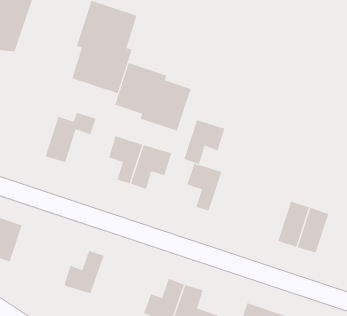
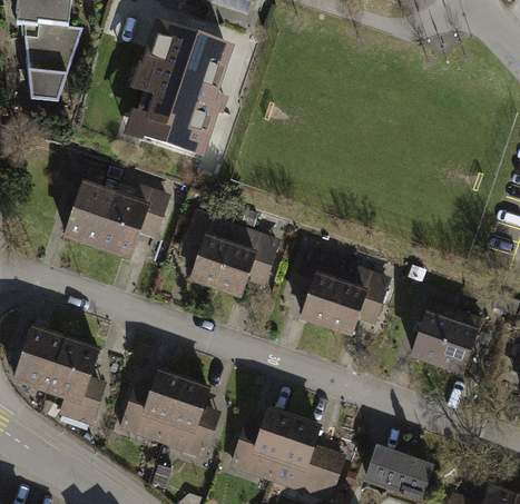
building: [114,62,191,132] -> none
building: none -> [68,158,116,245]
building: [183,120,225,165] -> [325,266,383,328]
building: none -> [50,339,102,419]
building: none -> [161,382,214,451]

